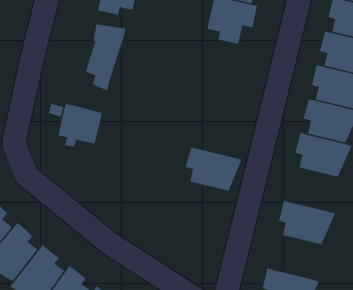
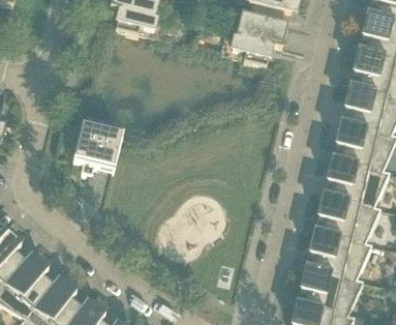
building: [85,23,127,93] -> none
building: [185,146,243,192] -> [317,191,379,240]
building: none -> [300,263,363,313]

